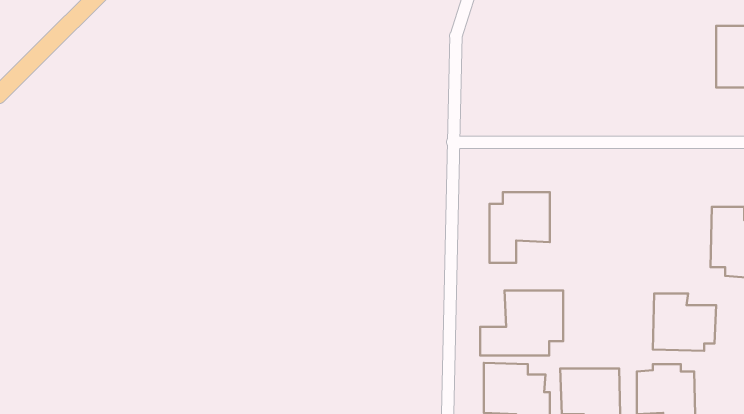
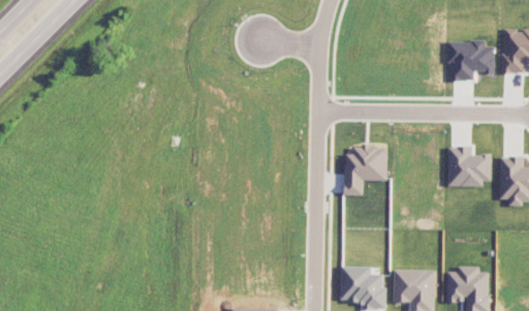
building: none -> [449,40,495,81]
building: [480,290,563,356] -> none
building: [653,293,716,351] -> [447,146,492,186]

